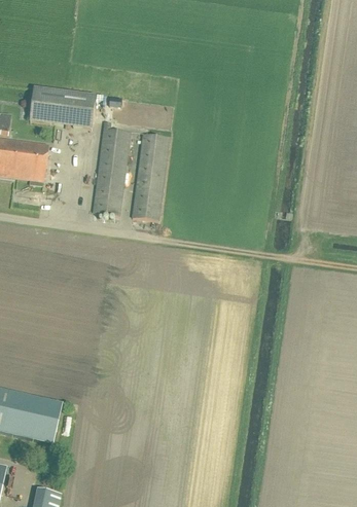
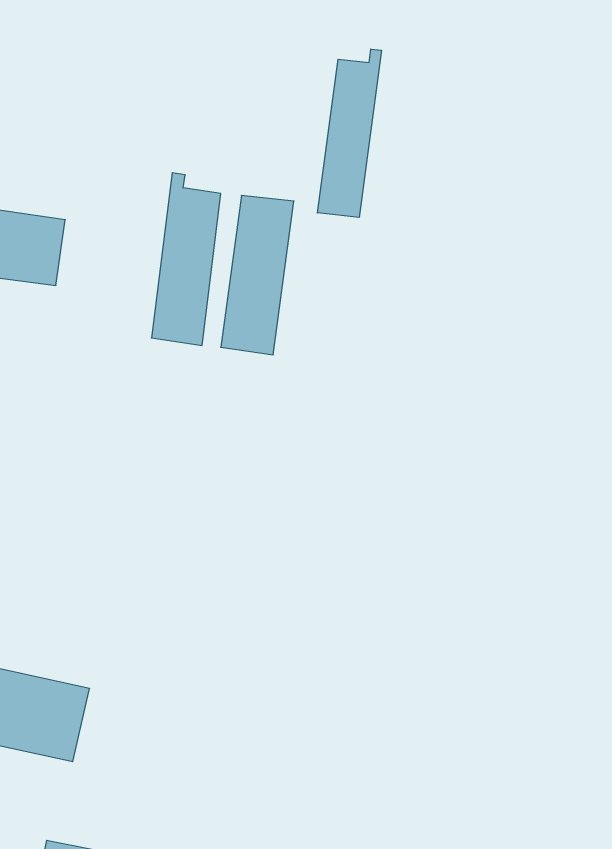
building: none -> [317,49,382,217]
building: [29,87,96,129] -> none

